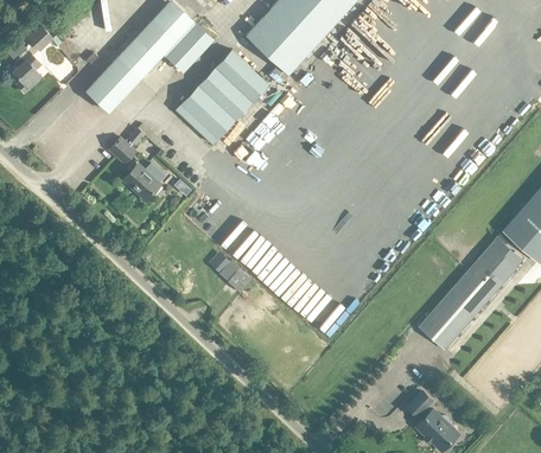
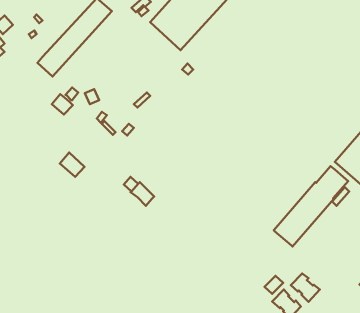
building: [165,23,214,72] -> none
building: [174,49,269,145] -> none
building: [125,165,159,199] -> [60,152,85,177]
building: none -> [291,274,320,302]

